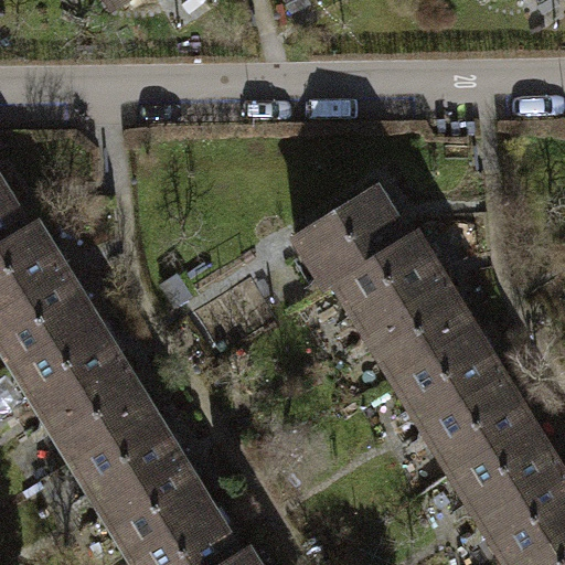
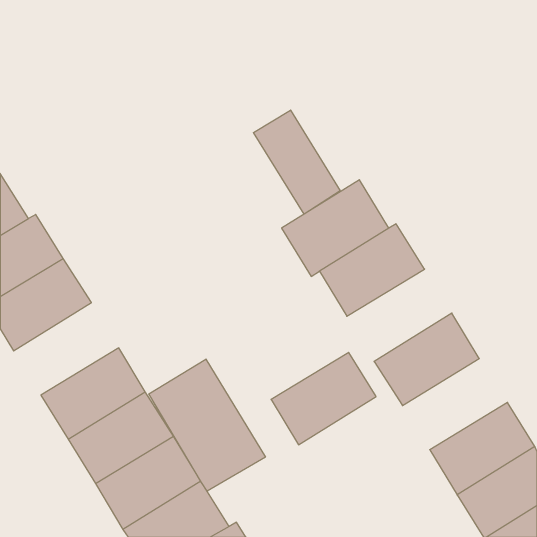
building: none -> [253,110,340,214]
building: [364,282,475,380] -> [271,352,376,445]
building: [14,318,125,415] -> none
building: [423,376,533,472] -> none
building: none -> [149,359,265,491]

